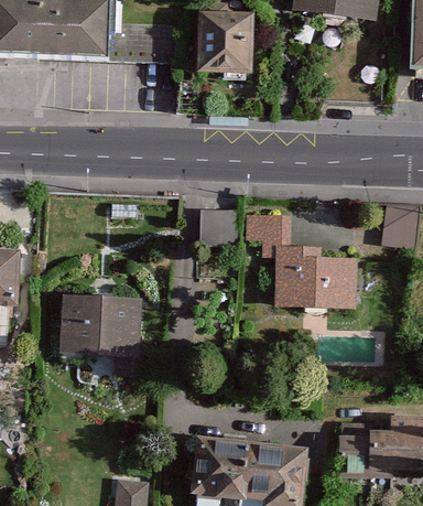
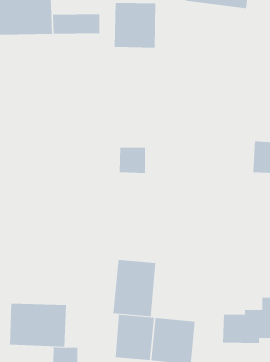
building: [249,216,357,303] -> none
building: [63,294,141,354] -> [9,303,67,347]
building: none -> [113,259,156,317]

